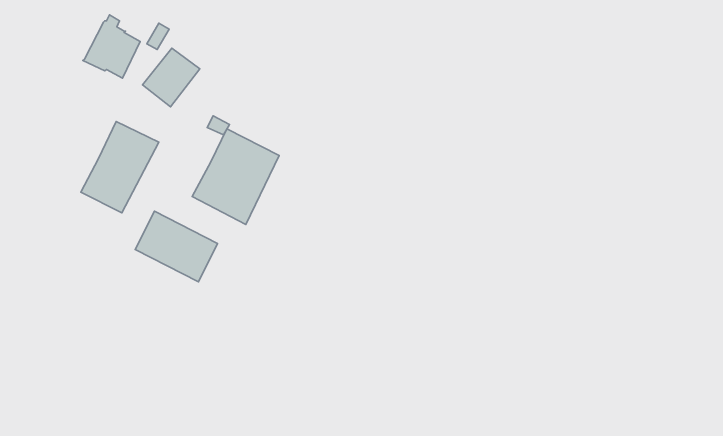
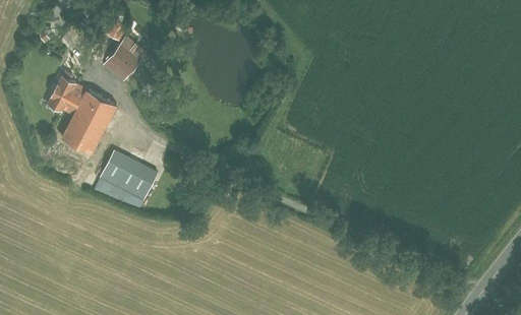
building: [83,15,140,78] -> [46,72,85,116]
building: [192,129,279,225] -> none

